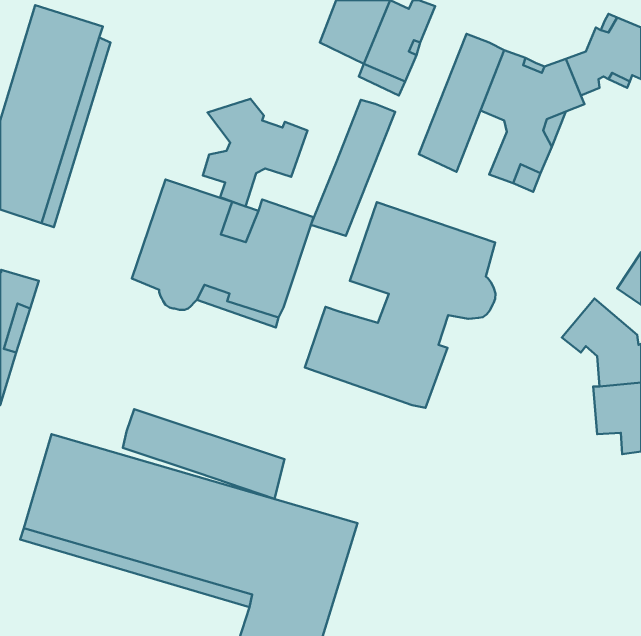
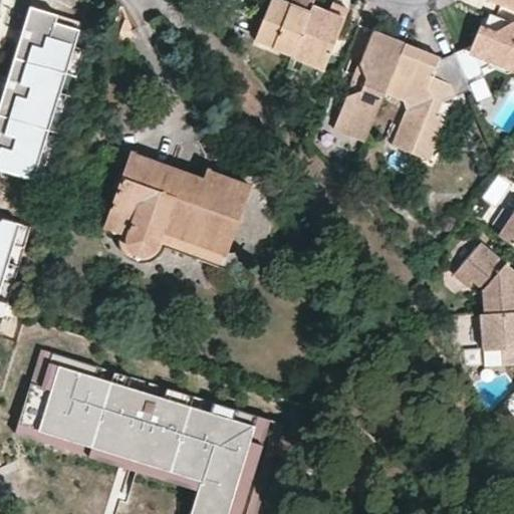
building: [203,99,307,206] -> none
building: [311,100,395,236] -> none
building: [305,202,496,408] -> none
building: [123,409,284,499] -> none

